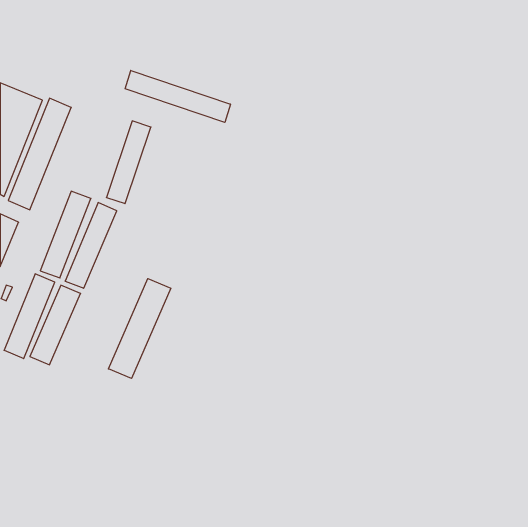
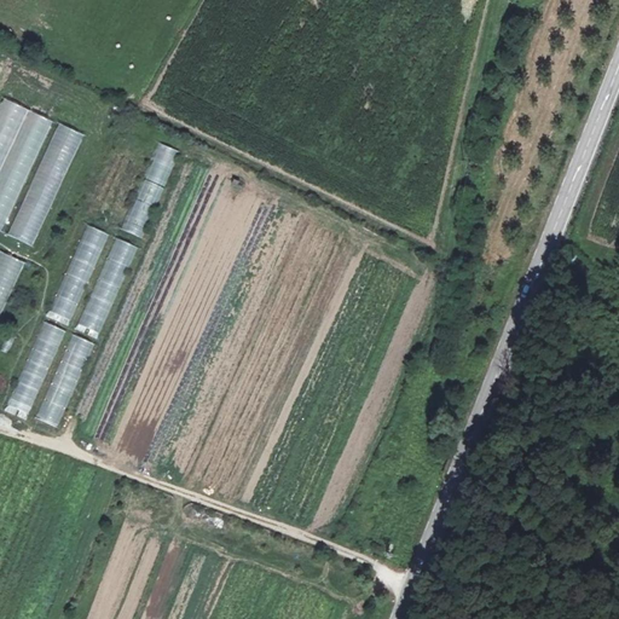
building: [125,70,230,122] -> none
building: [108,279,171,378] -> none

